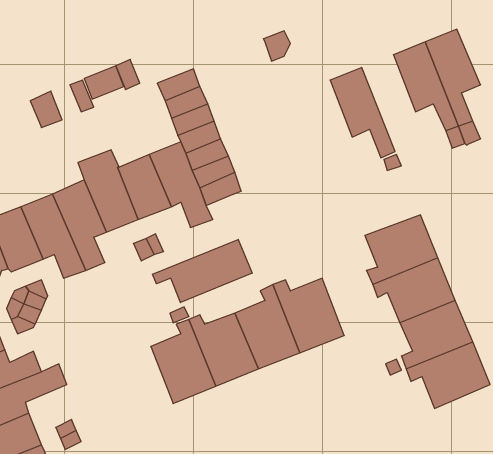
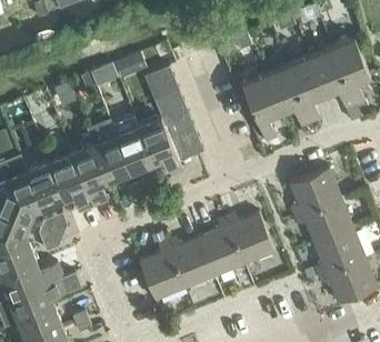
building: none -> [287,54,324,122]
building: none -> [241,72,280,141]
building: [152,239,252,303] -> none

